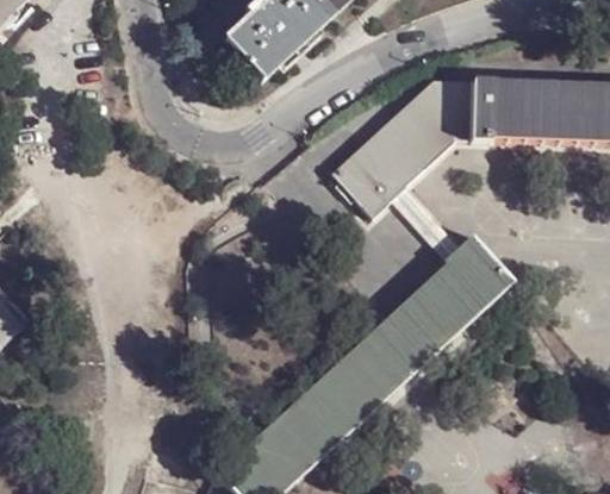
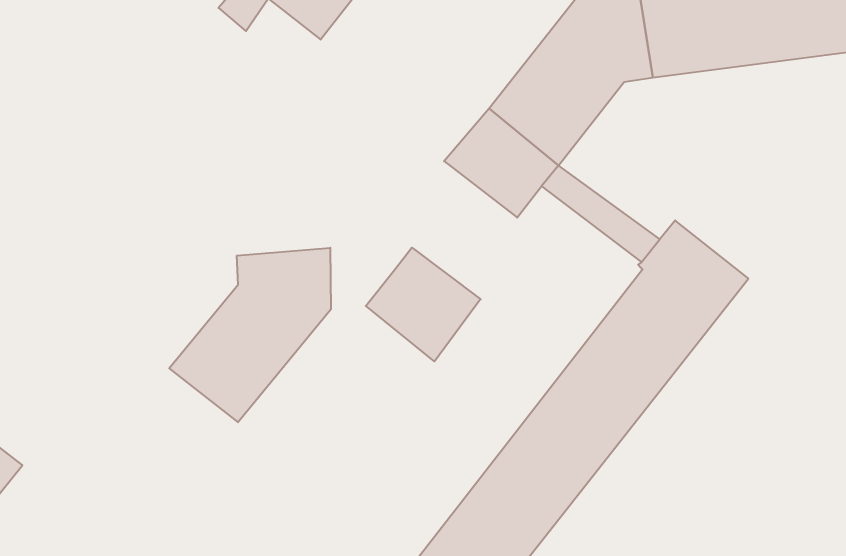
building: none -> [169,248,331,422]
building: none -> [366,248,481,361]

